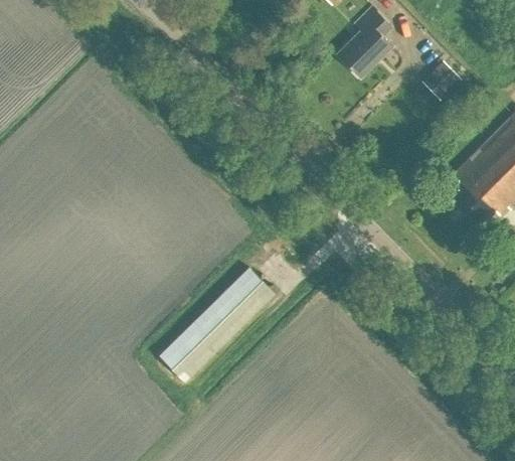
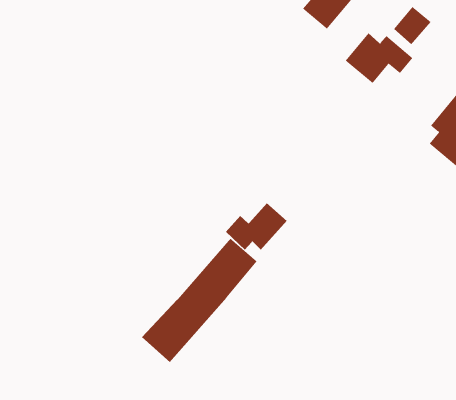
building: none -> [345,33,413,84]
building: none -> [225,202,287,251]

